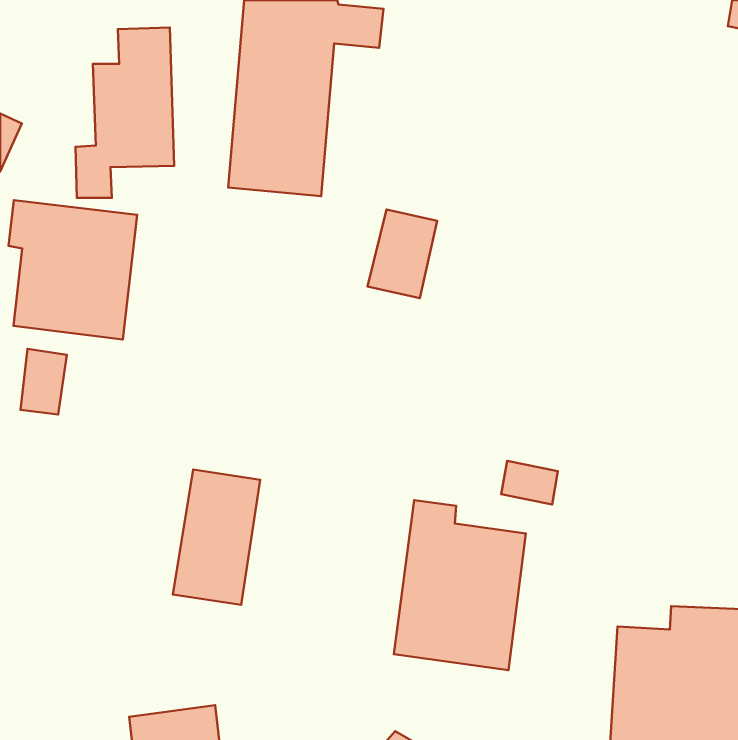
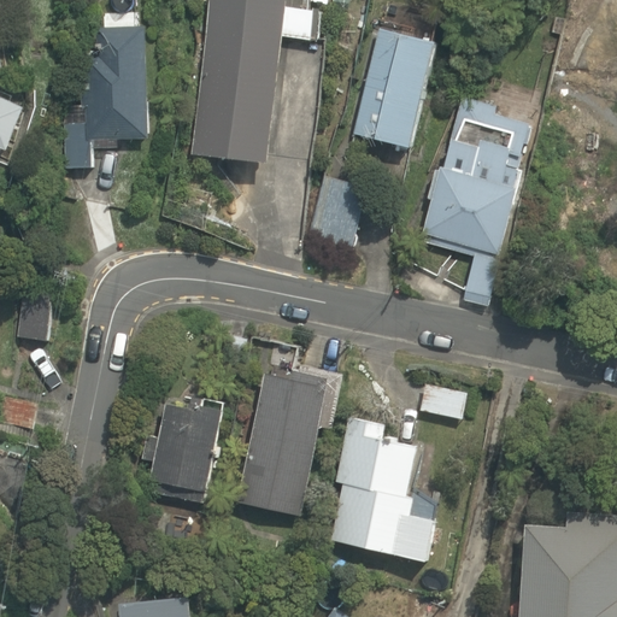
building: none -> [358,27,441,148]
building: none -> [413,95,529,307]
building: [8,200,137,340] -> none
building: none -> [240,374,321,515]

